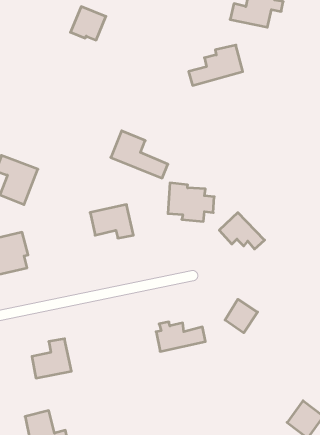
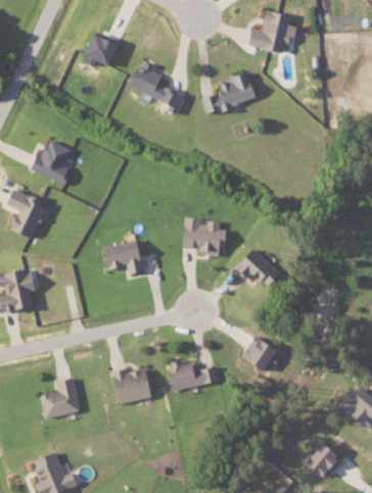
building: none -> [31,140,74,184]
building: [111,131,168,178] -> [128,63,187,112]
building: none -> [111,367,154,405]

